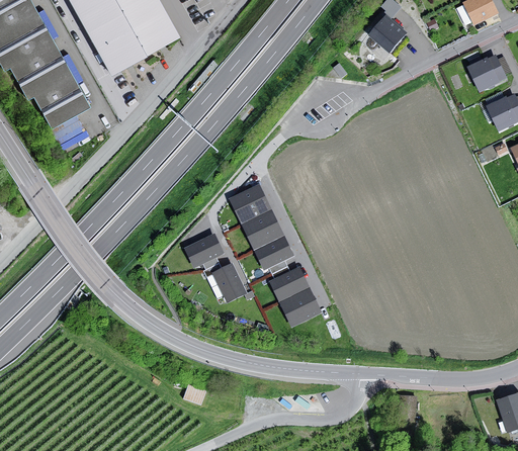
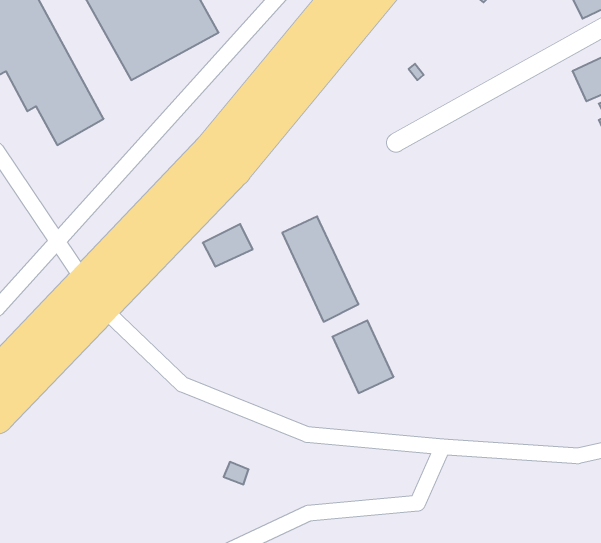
building: [371,16,409,54] -> none
building: [185,233,226,267] -> [203,224,253,267]
building: [213,263,249,303] -> none

